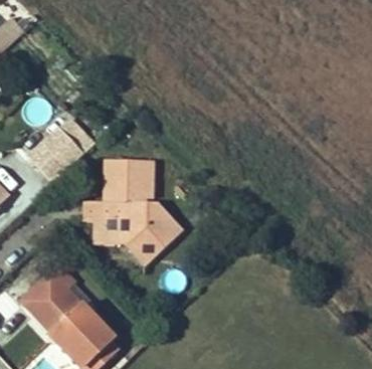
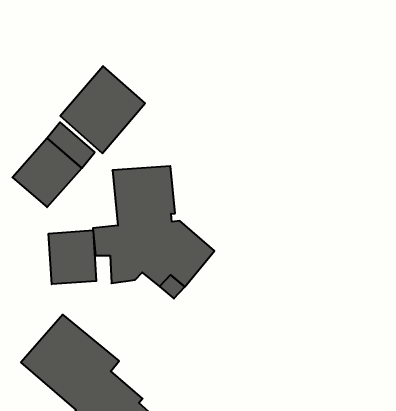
building: none -> [60,66,145,153]
building: none -> [49,230,96,284]

